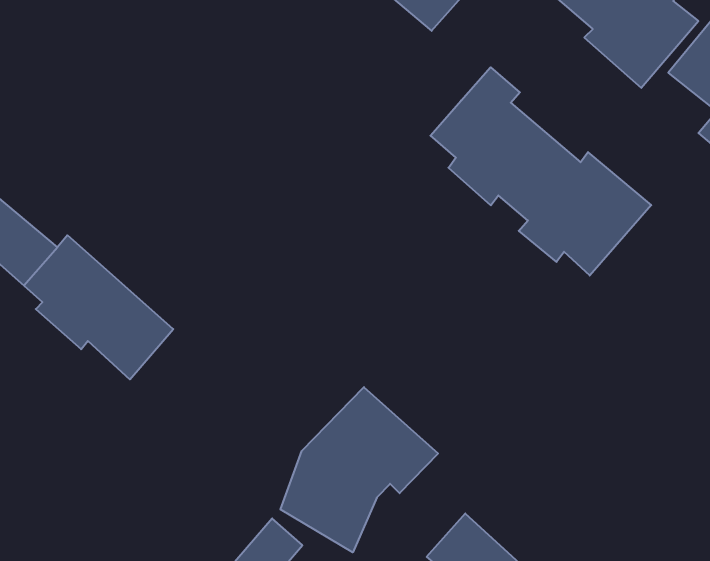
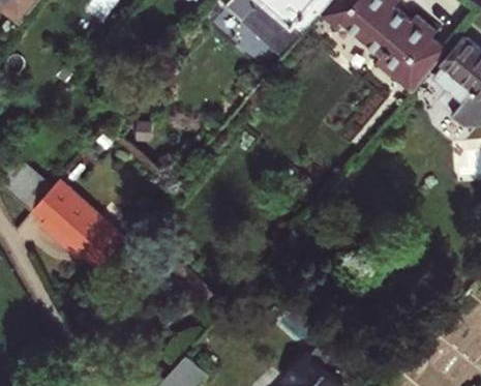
building: [430,67,651,276] -> none
building: [280,387,438,552] -> none

